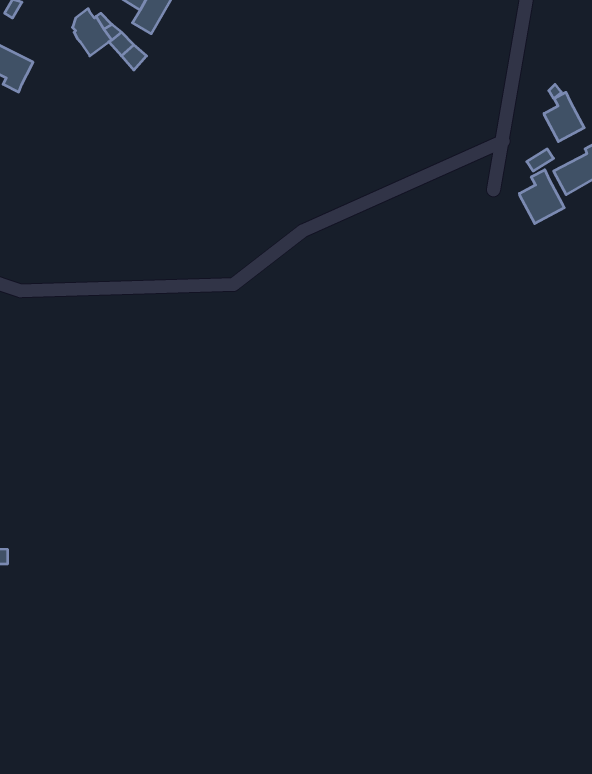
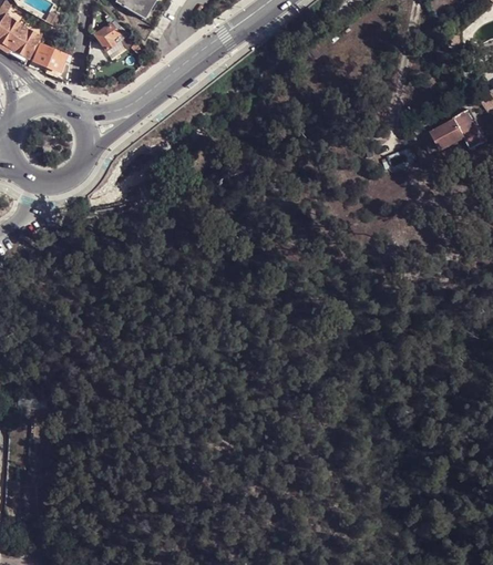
building: [544,92,584,142] -> none
building: [519,170,564,224] -> none

